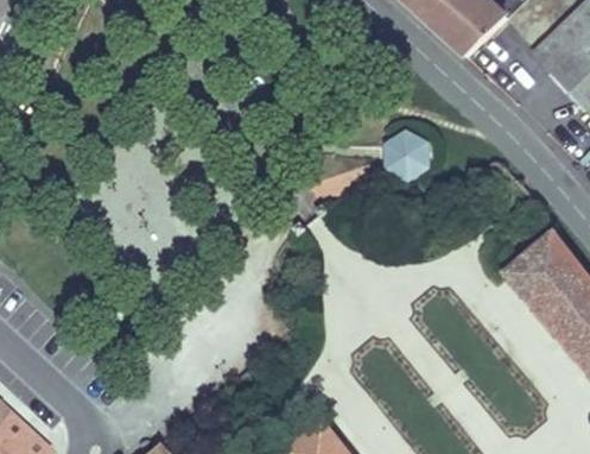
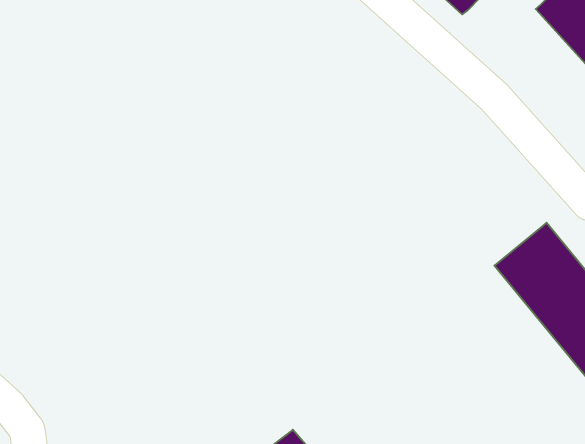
building: [383,126,432,179] -> none

